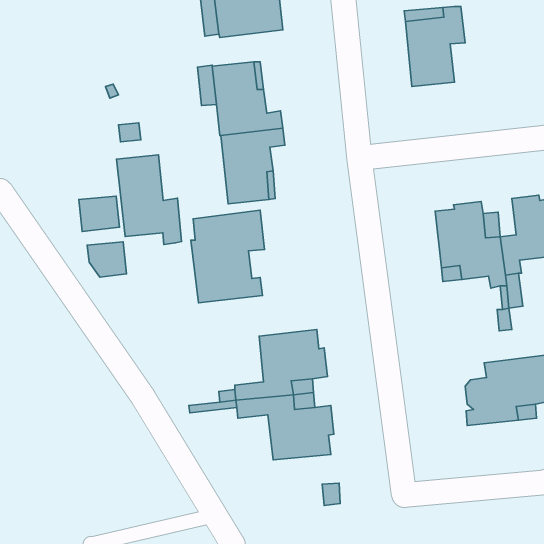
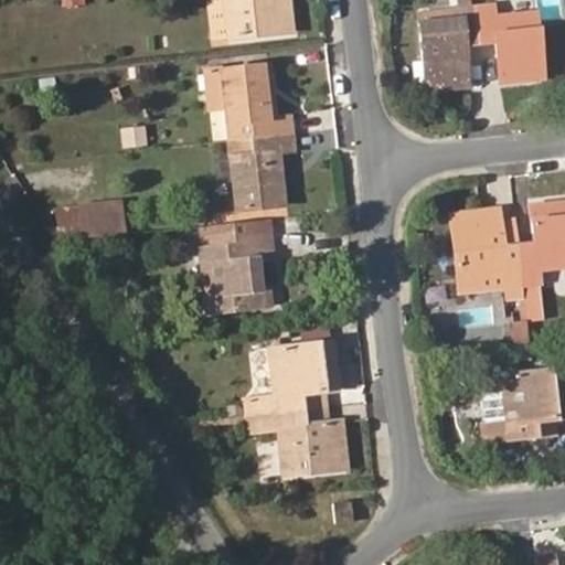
building: none -> [478,4,545,82]
building: [117,155,182,244] -> none
building: [87,242,127,277] -> [45,206,86,243]

